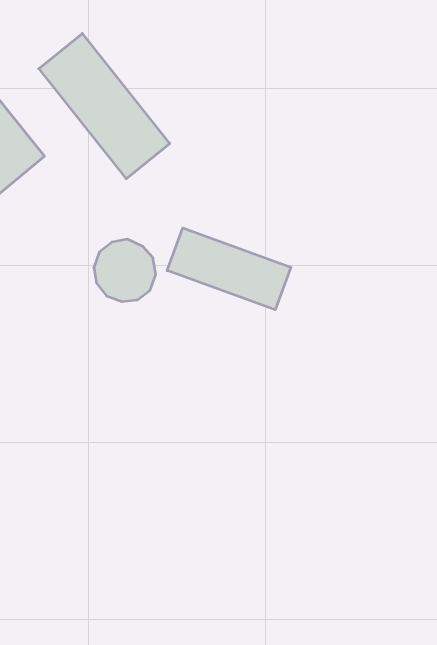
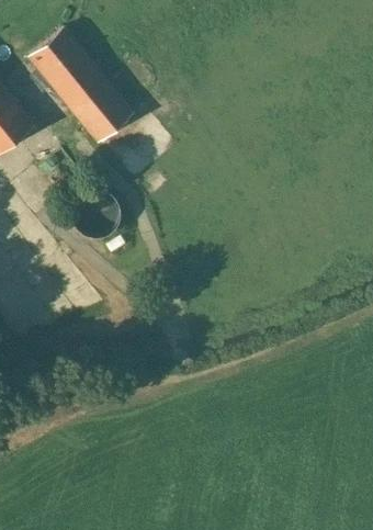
building: [167,228,291,310] -> none

